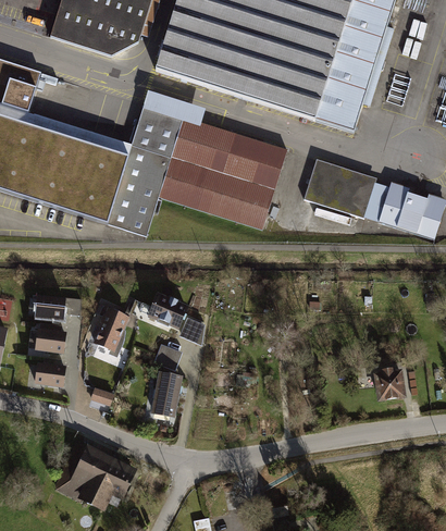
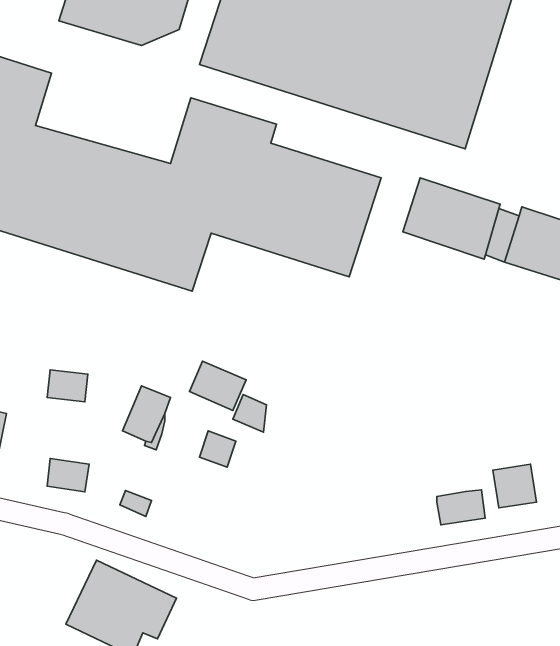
building: [38,330,70,355] -> none
building: [149,371,179,417] -> none
building: none -> [437,490,485,525]

